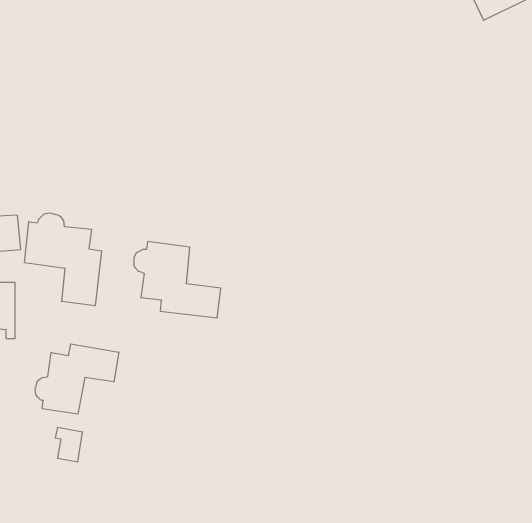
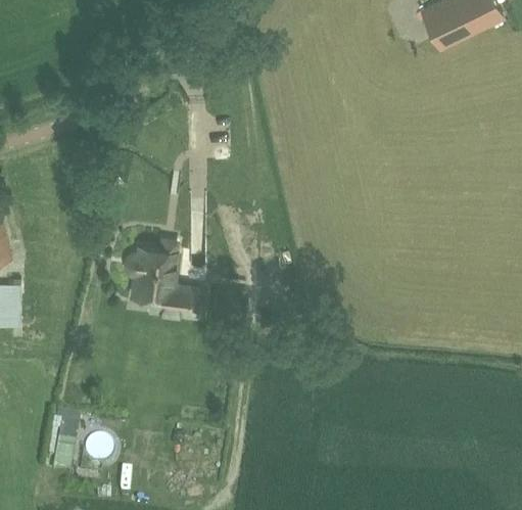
building: [25,213,102,306] -> none
building: [35,344,119,414] -> none

